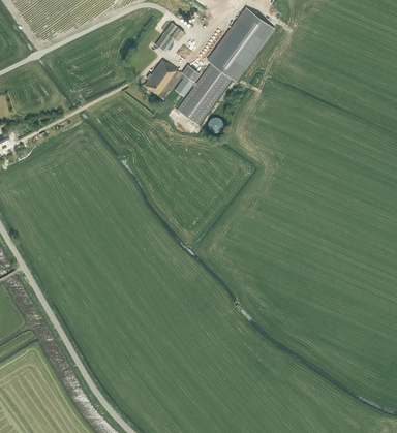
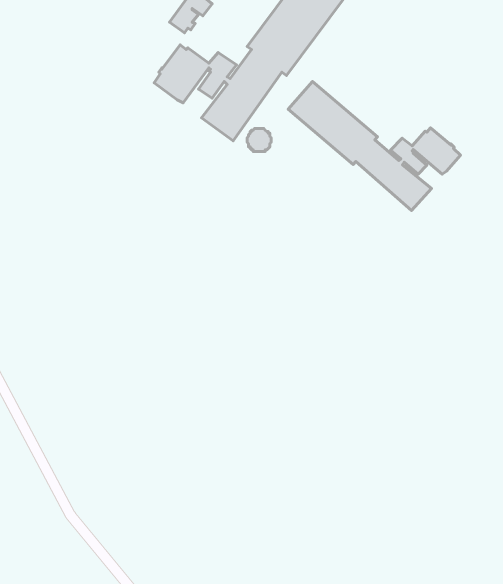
building: none -> [288,82,461,211]

